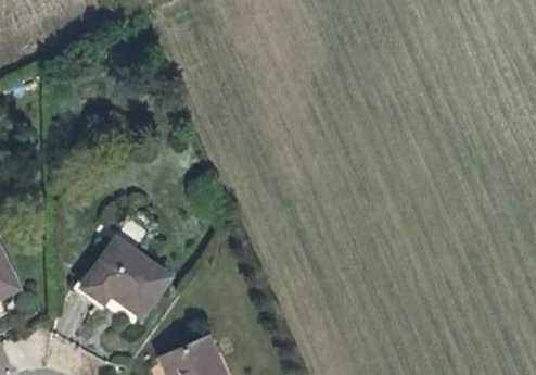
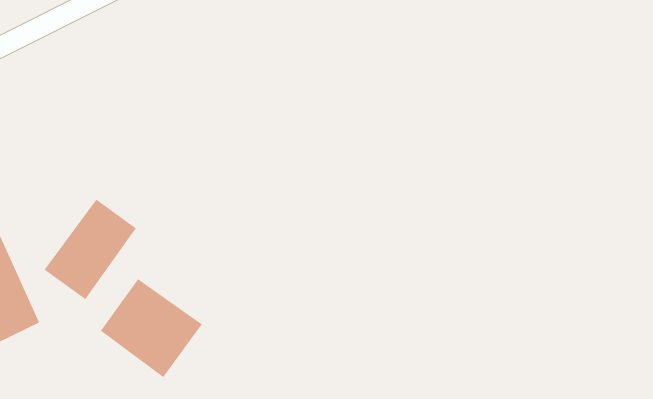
building: none -> [44,199,137,300]

